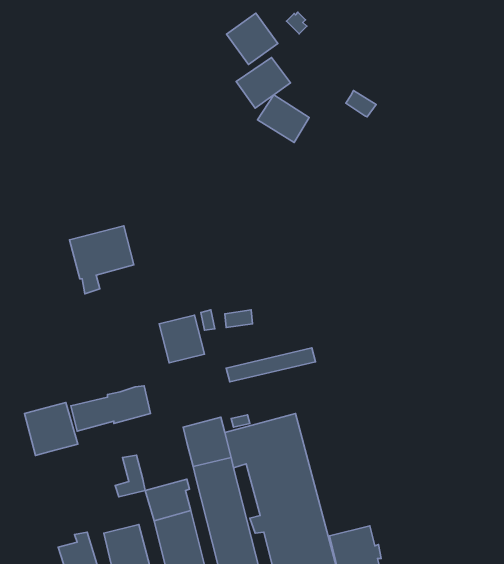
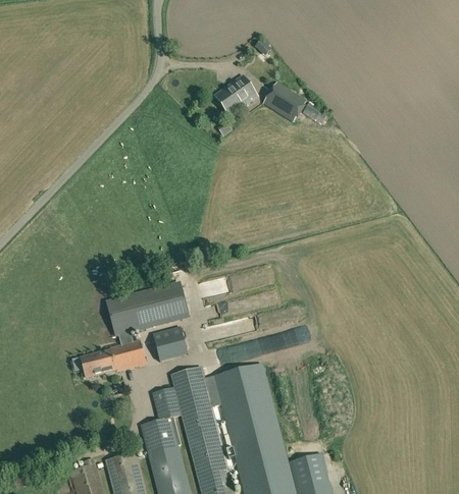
building: [227,13,278,64] -> none
building: [257,95,309,143] -> [263,81,305,120]
building: [70,226,134,294] -> [107,290,159,345]
building: none -> [152,326,188,362]
building: [25,403,78,456] -> none
building: [115,455,145,497] -> [156,386,181,420]

